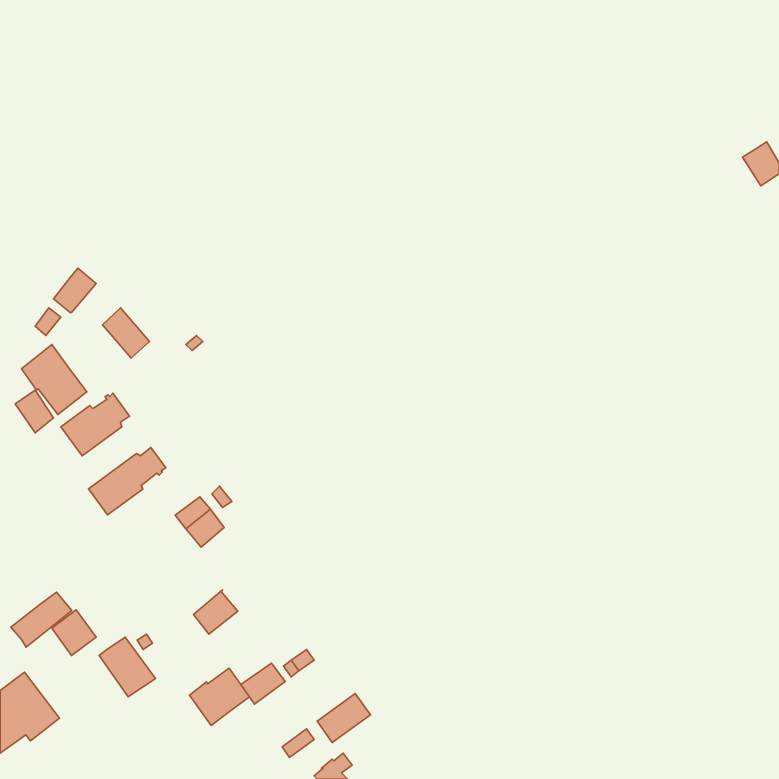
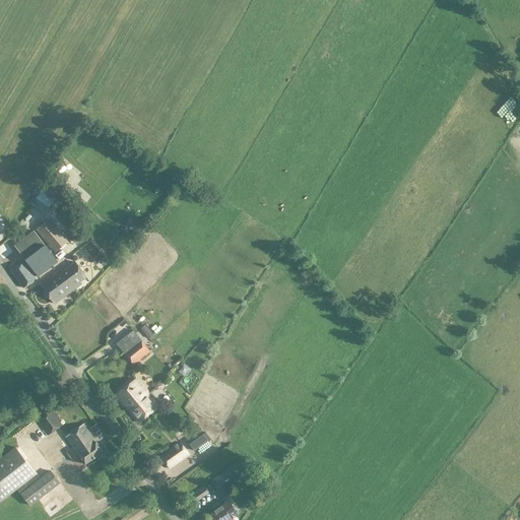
building: [102,308,150,358] -> [37,218,68,252]
building: [88,447,166,515] -> none
building: none -> [116,378,148,409]
building: [11,592,72,647] -> [20,470,61,507]
building: [190,668,249,726] -> none

